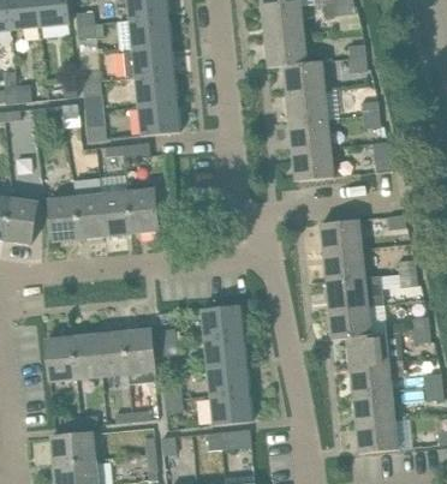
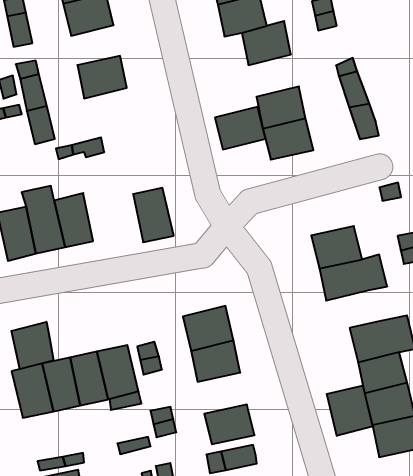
building: [125,46,174,78] -> none
building: [286,90,328,124] -> [215,107,265,149]
building: [138,102,180,136] -> none
building: [127,187,159,233] -> [133,188,174,242]
building: [321,219,362,251] -> none
building: none -> [11,322,53,369]
building: [329,305,371,339] -> none
building: [208,364,249,396] -> none
building: none -> [327,386,372,436]

